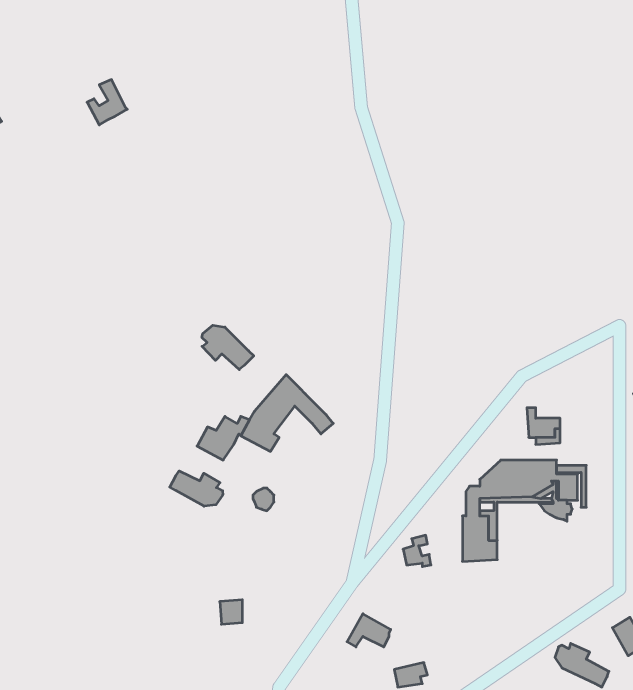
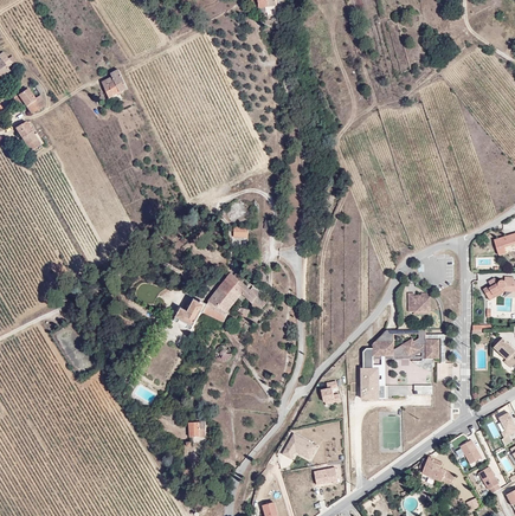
building: [202,325,254,370] -> none
building: [170,471,223,506] -> none

